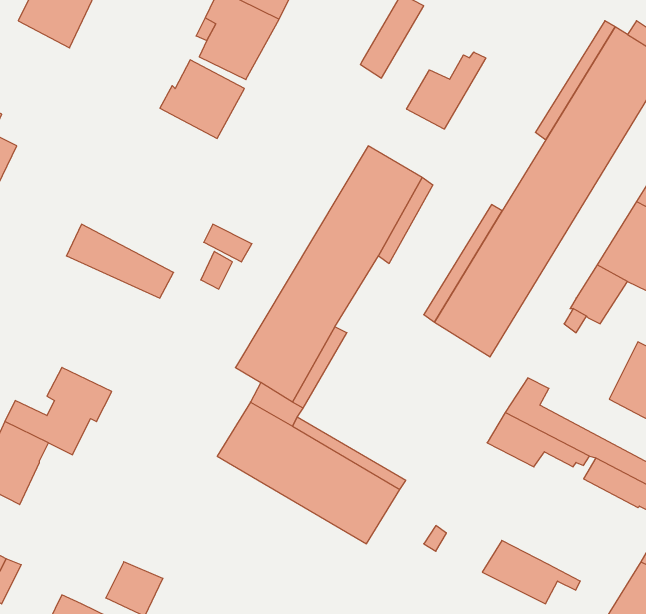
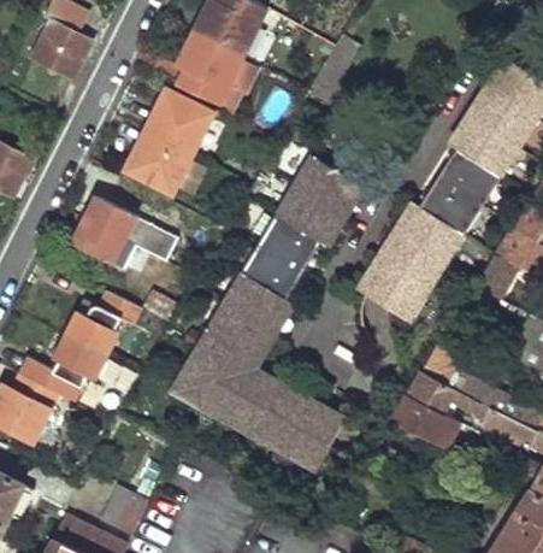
building: [407,52,486,129] -> none
building: none -> [128,127,191,190]
building: none -> [83,198,175,260]
building: none -> [67,294,137,353]
building: none -> [171,334,226,405]
building: [482,540,580,604] -> [391,394,470,445]

